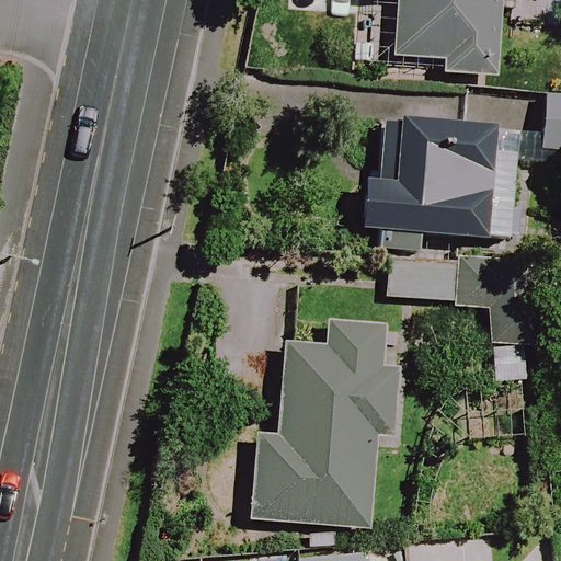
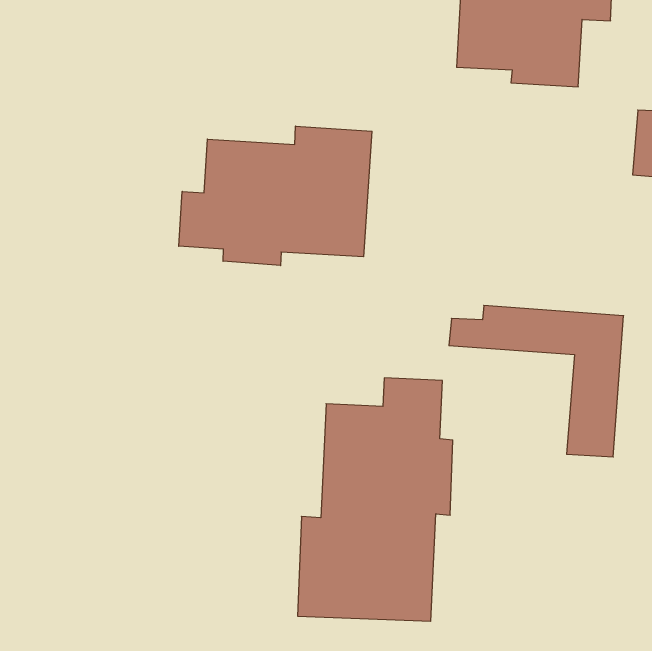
building: none -> [179,126,372,266]
building: [363,114,518,237] -> none

